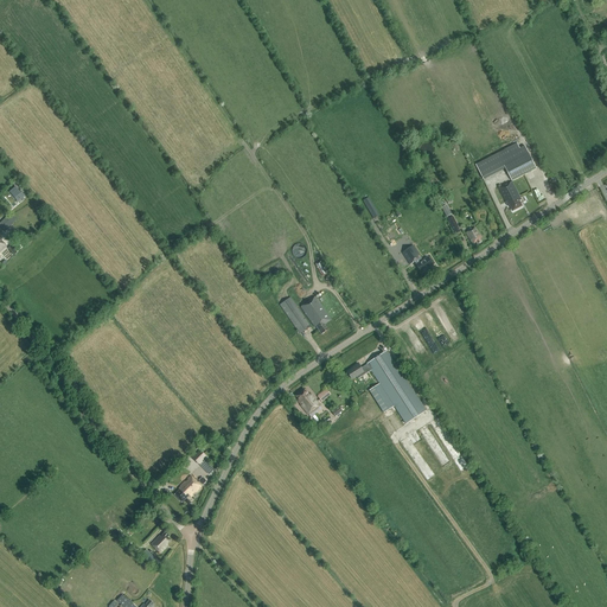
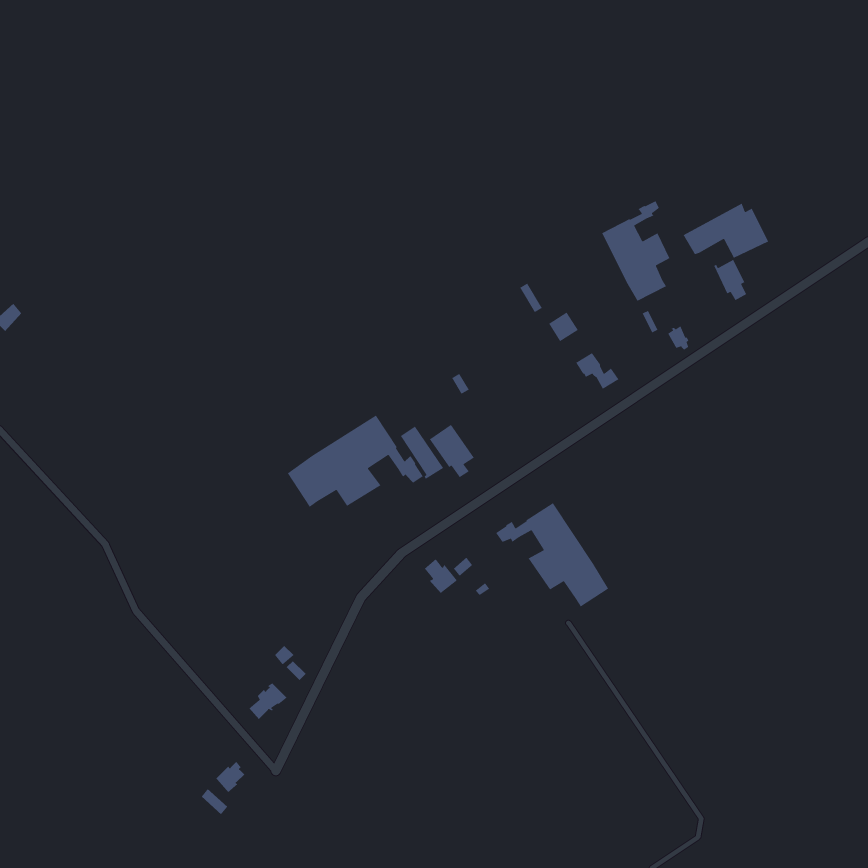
building: none -> [601,200,671,302]
building: none -> [287,414,424,508]

